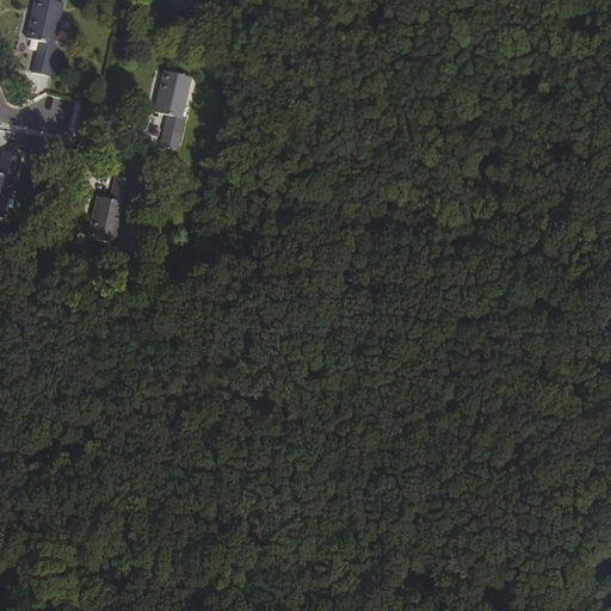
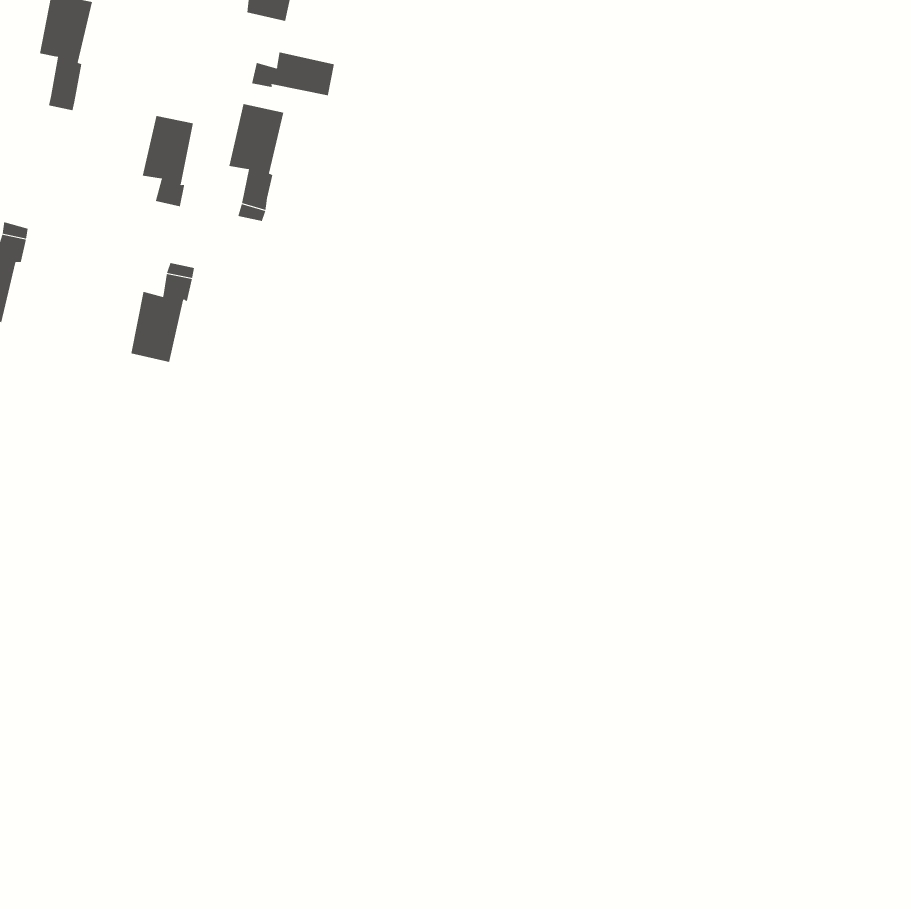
building: none -> [251,51,335,96]
building: none -> [142,115,194,207]

